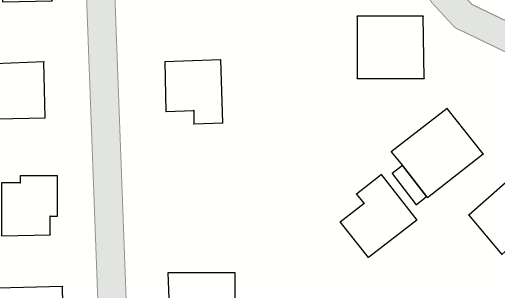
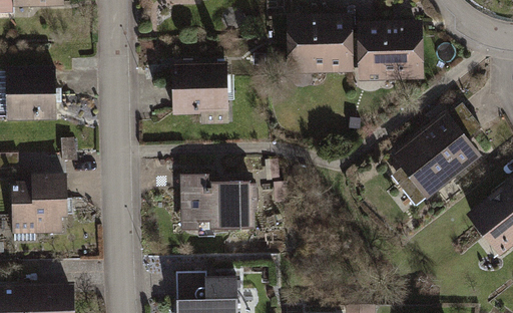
building: none -> [287,13,354,74]
building: none -> [178,173,256,231]
building: [340,175,417,257] -> none

